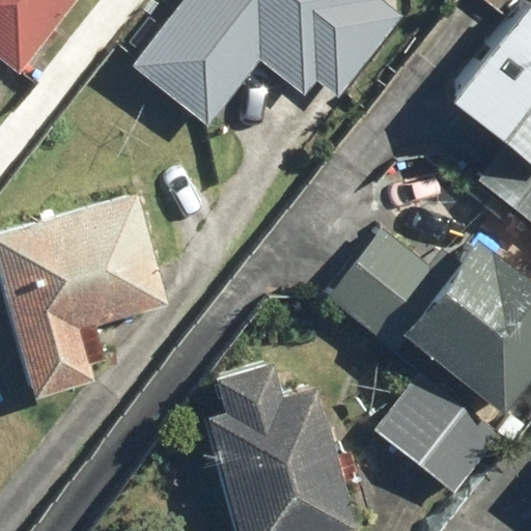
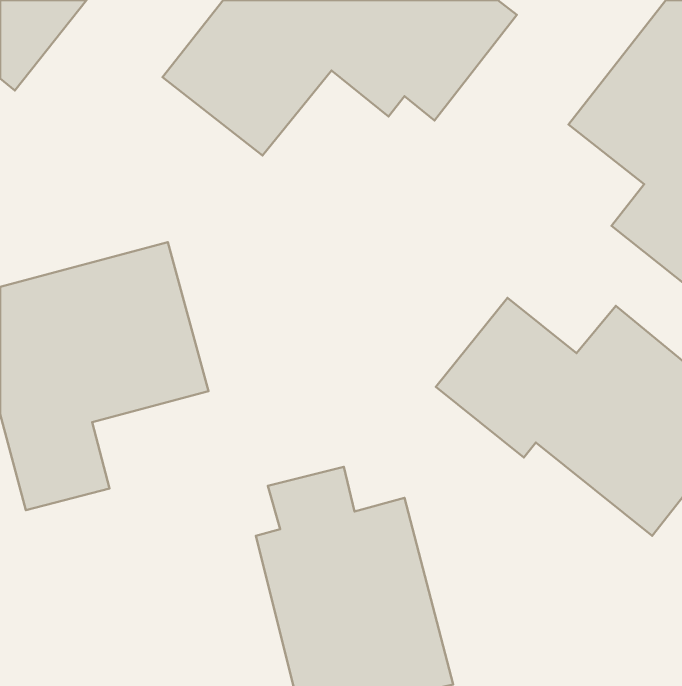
building: [375,372,502,494] -> none

